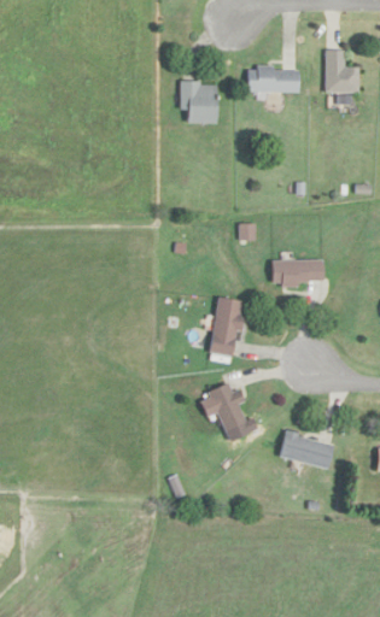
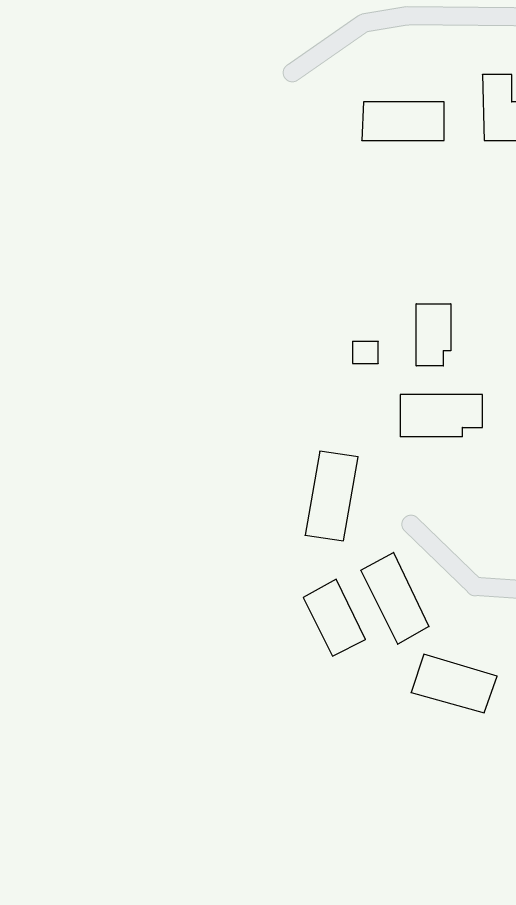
building: [182,82,216,124] -> none
building: none -> [416,304,451,366]
building: none -> [361,552,429,644]

